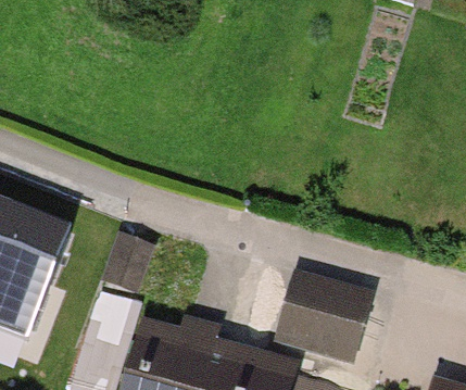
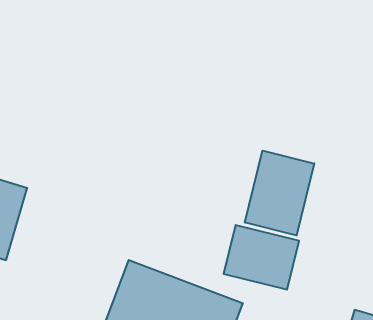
building: none -> [245,151,314,235]

